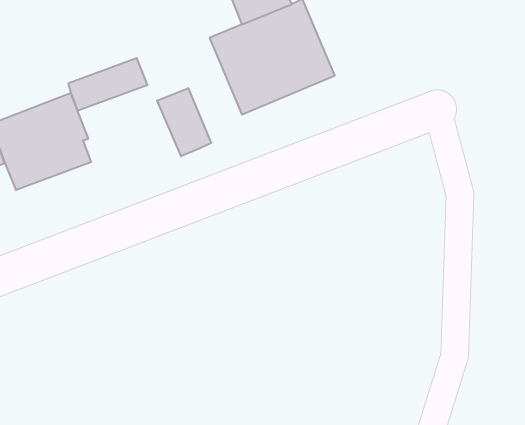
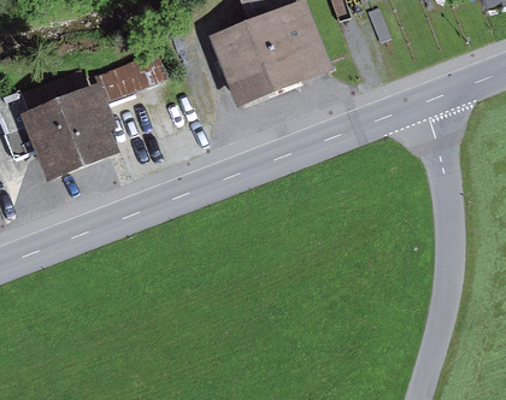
building: [157,88,211,156] -> none

